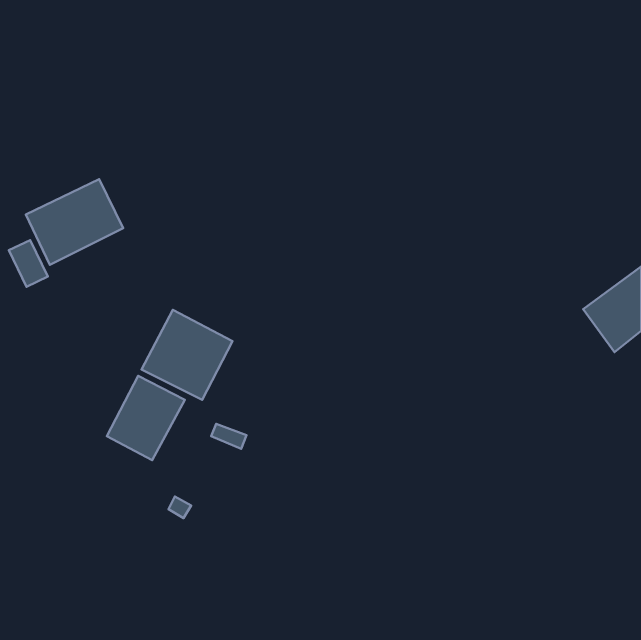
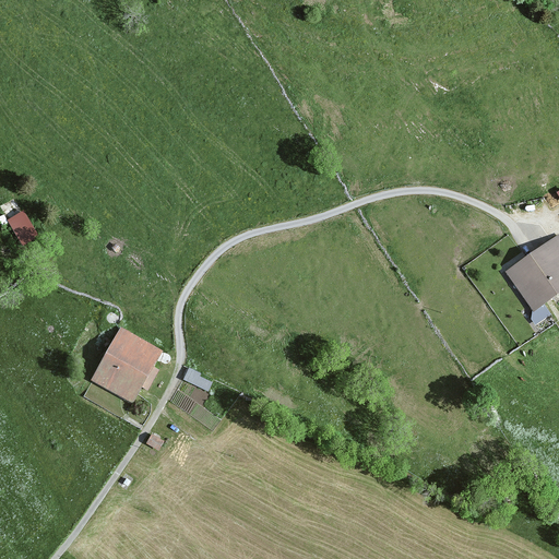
building: [26,179,123,265] -> none
building: [141,310,232,400] -> none

